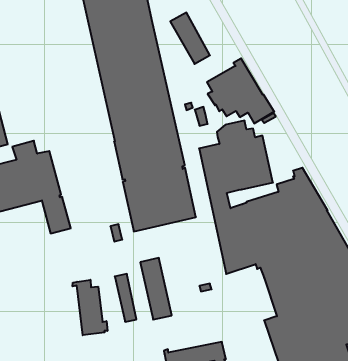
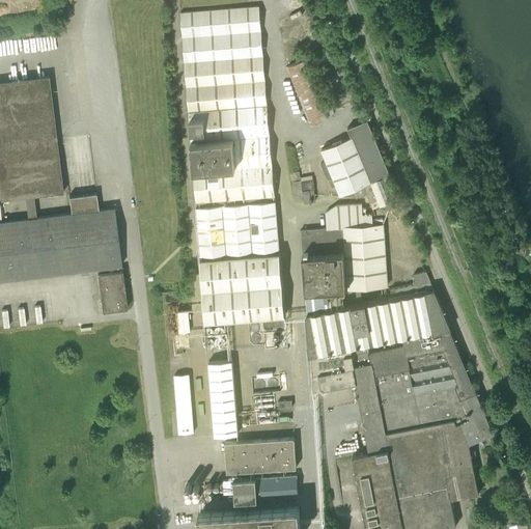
building: [73,280,107,335] -> none
building: none -> [224,440,296,474]

